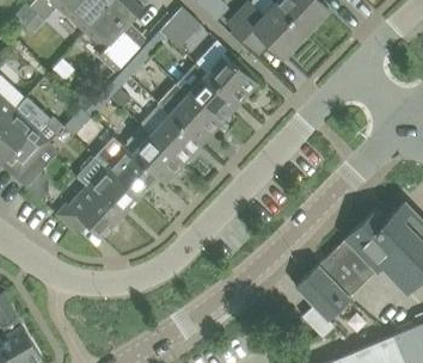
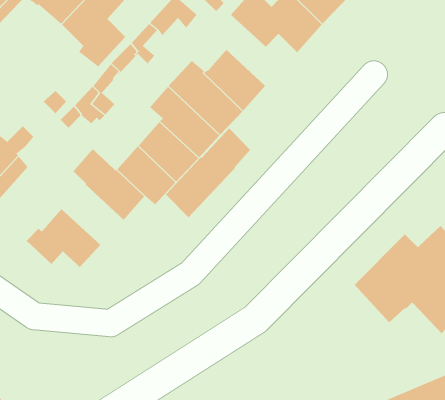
building: none -> [165,128,251,218]
building: [86,167,139,219] -> none
building: [295,252,362,338] -> none

